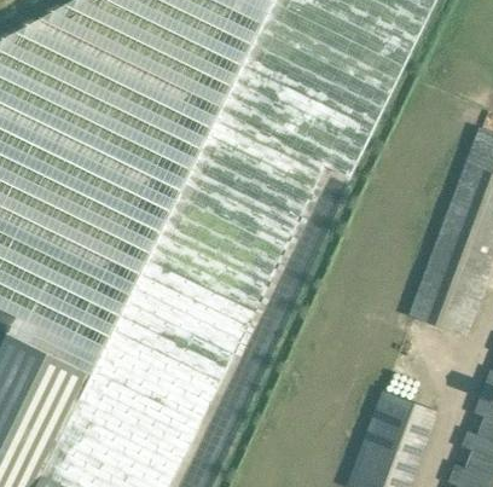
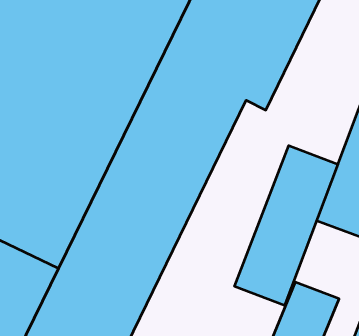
building: none -> [235,146,338,306]

